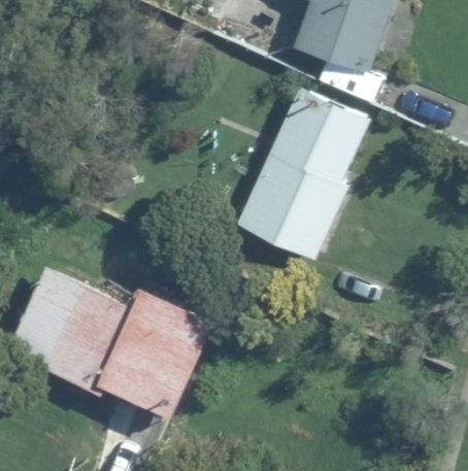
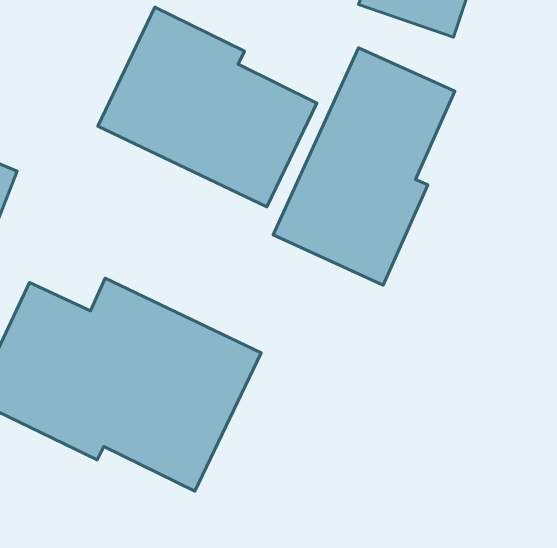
building: none -> [98,7,317,207]

